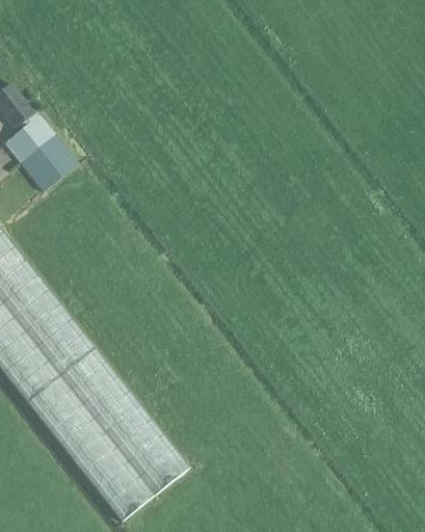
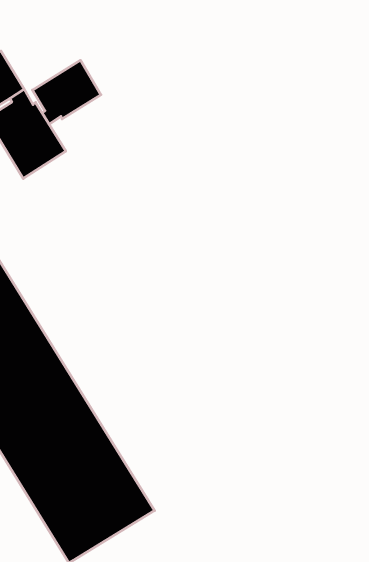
building: none -> [32,60,101,124]

